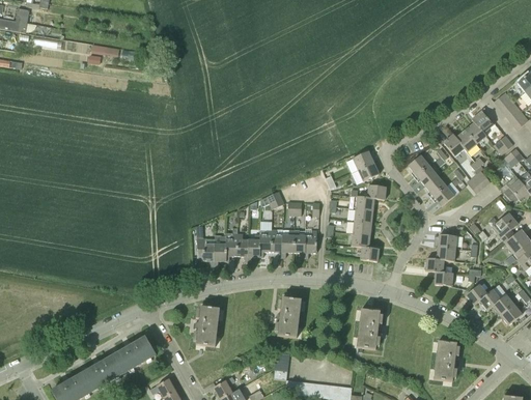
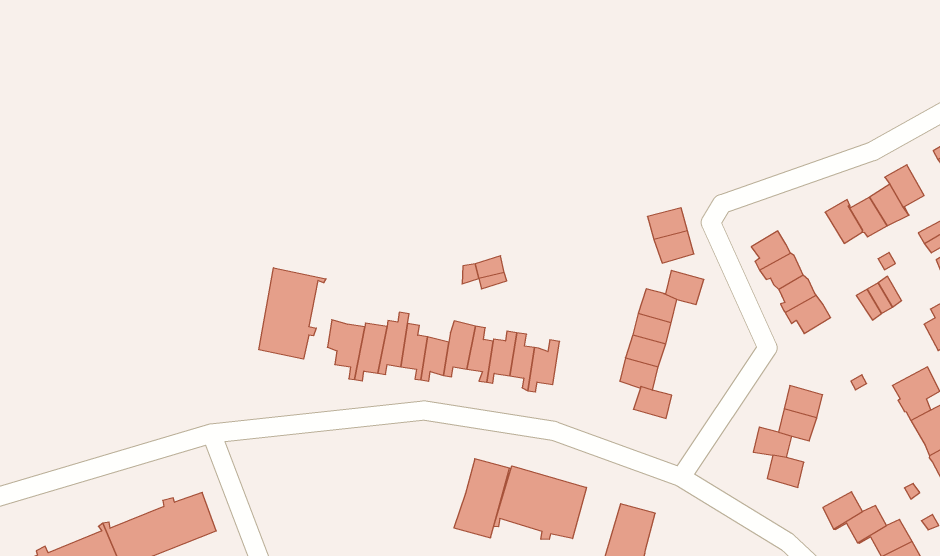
building: none -> [259,268,326,359]
building: none -> [494,466,586,539]
building: [195,306,220,346] -> none

